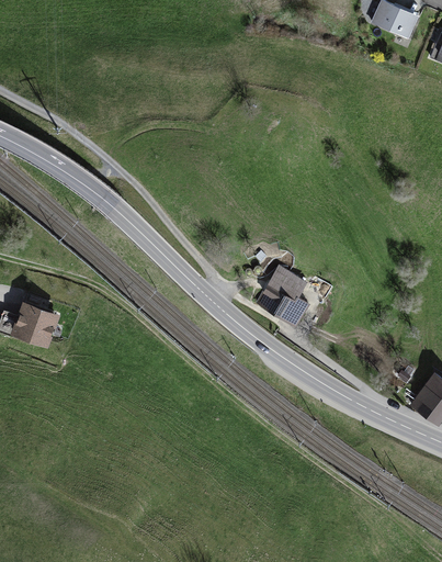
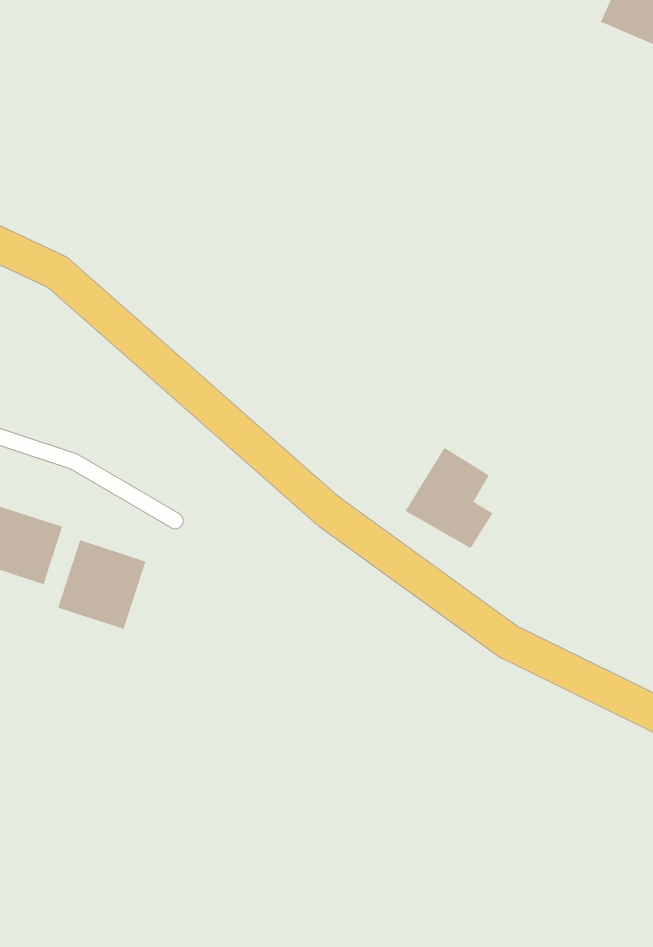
building: none -> [57,539,147,630]

